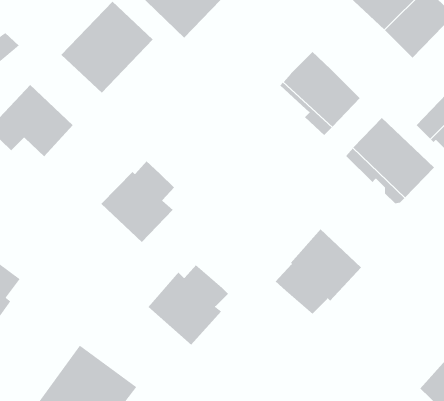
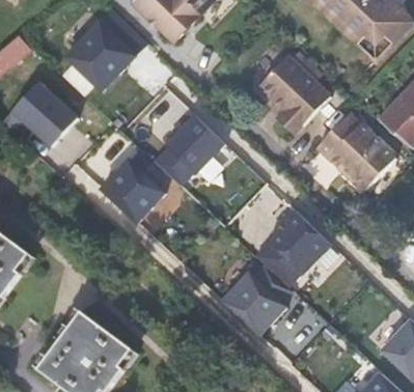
building: none -> [153,113,223,185]
building: [148,264,229,345] -> [220,264,292,336]

